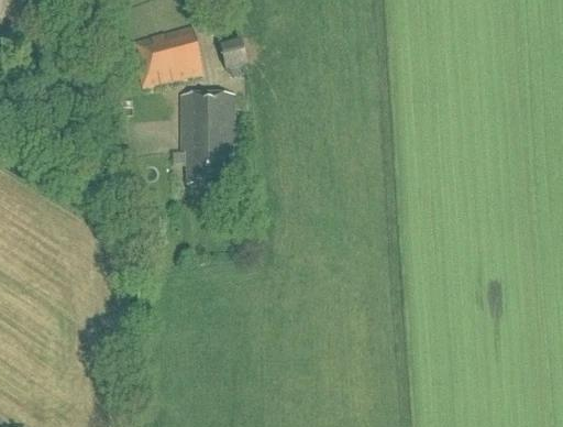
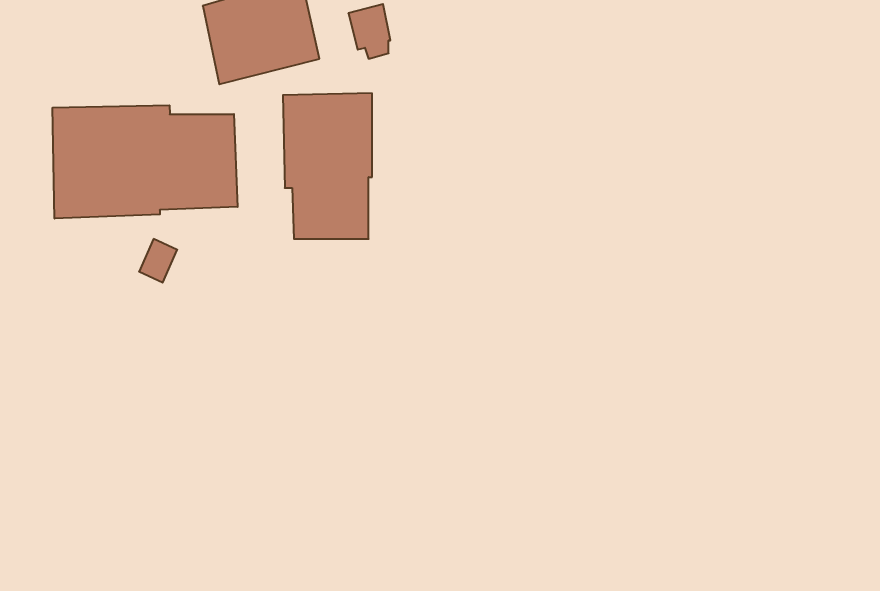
building: none -> [53,105,238,219]

